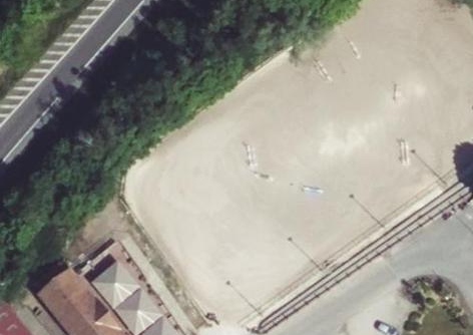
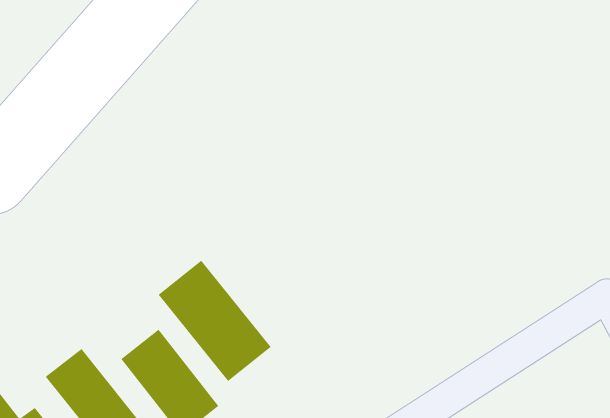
building: none -> [158,260,271,382]

